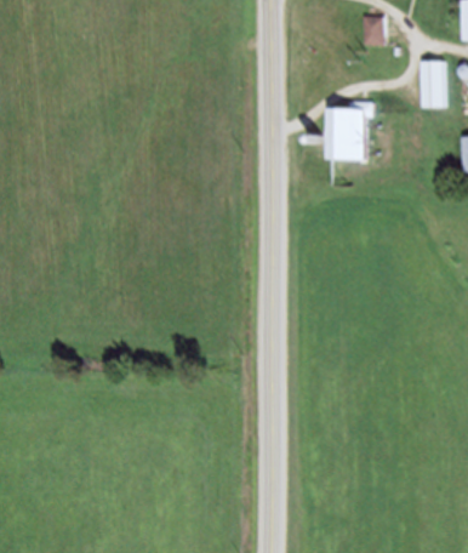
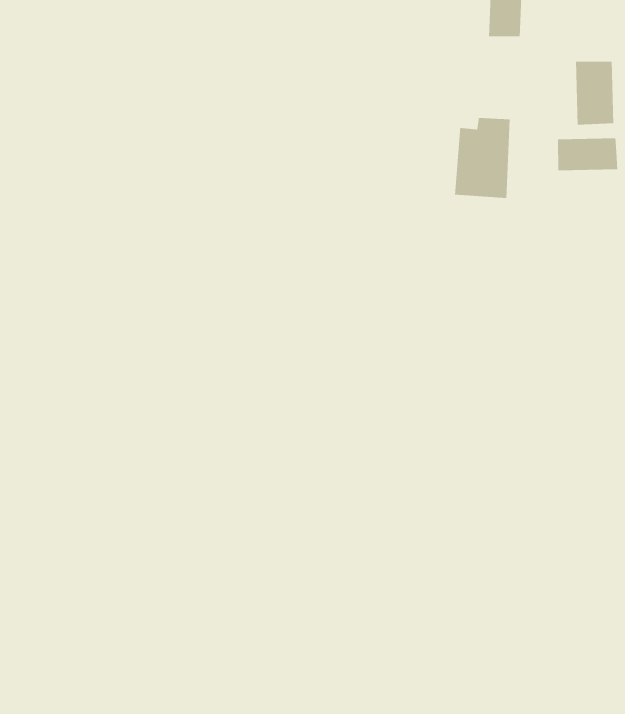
building: none -> [557,137,618,171]

